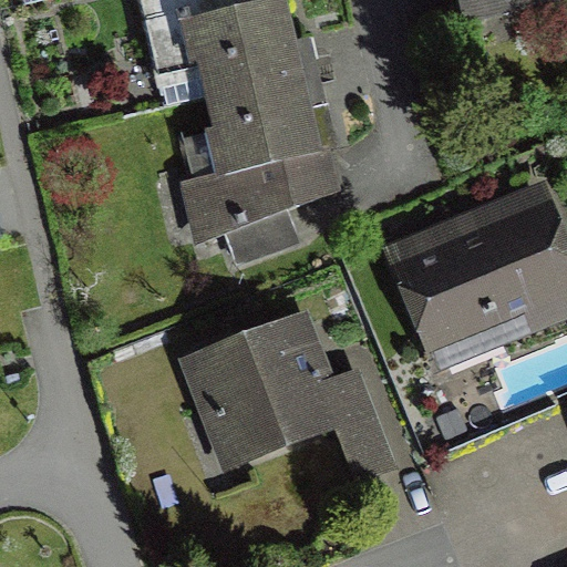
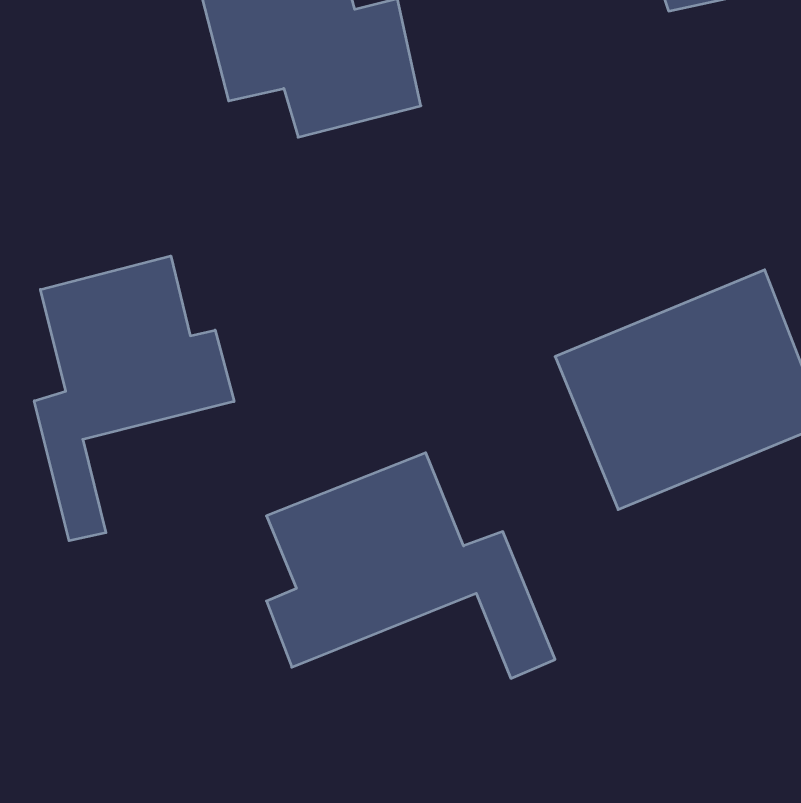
building: [186,74,340,258] -> none
building: none -> [34,256,234,541]

